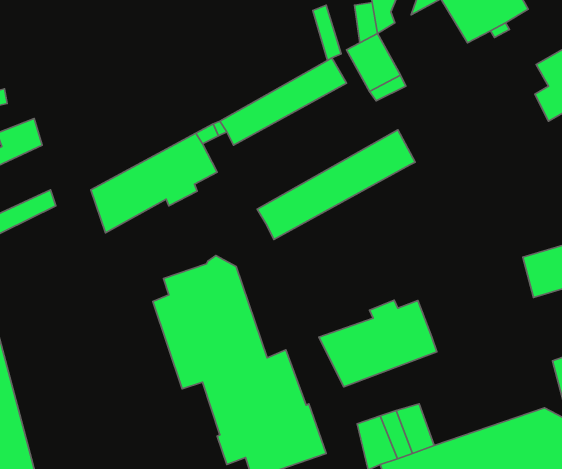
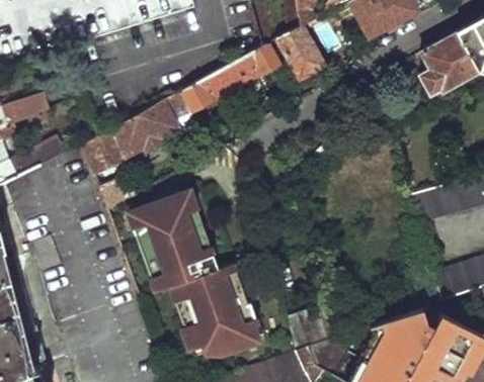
building: [257,130,415,239] -> none
building: [319,300,437,387] -> none

